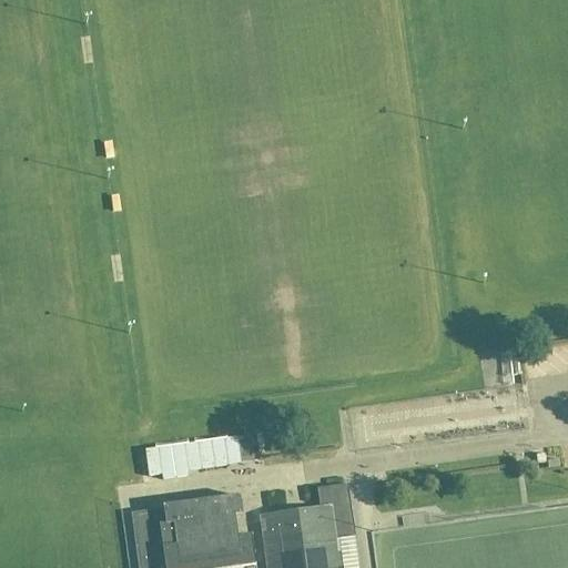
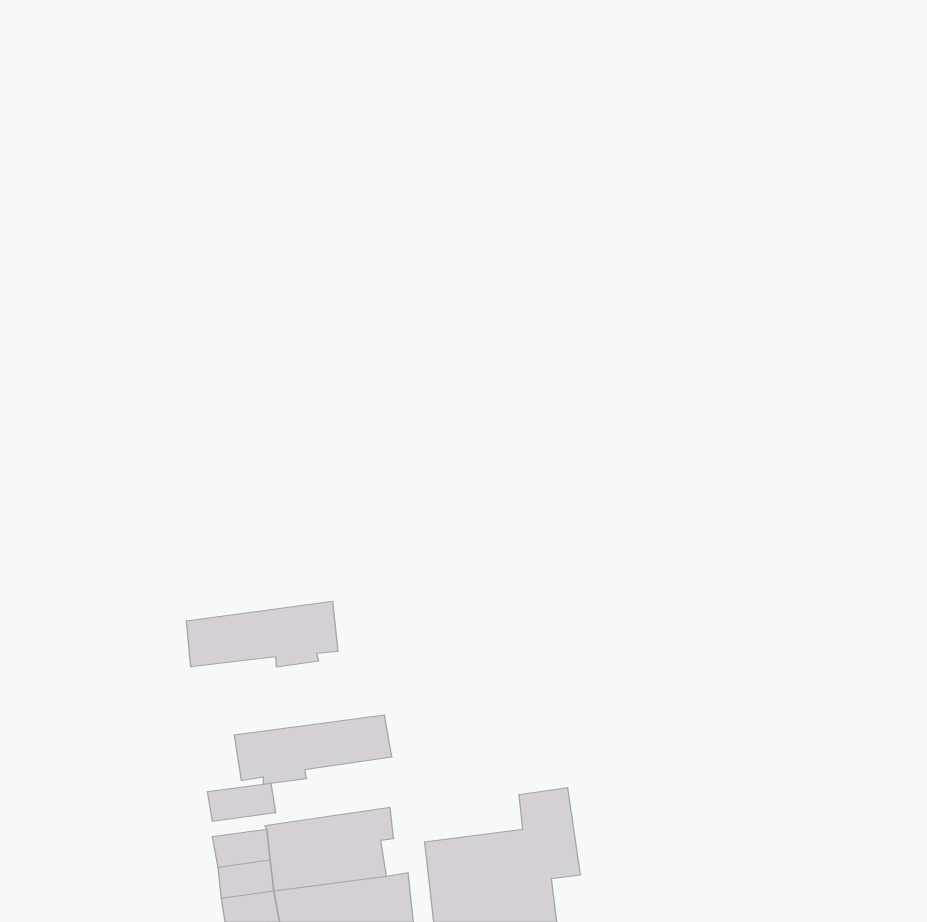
building: none -> [187,601,338,667]
building: none -> [208,783,275,821]

